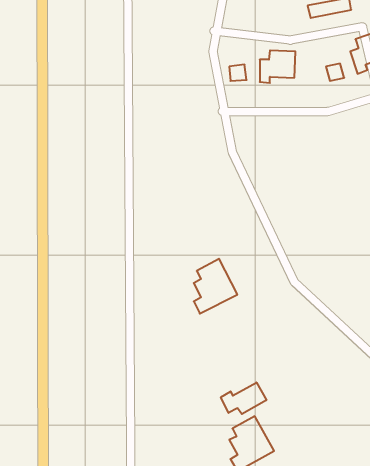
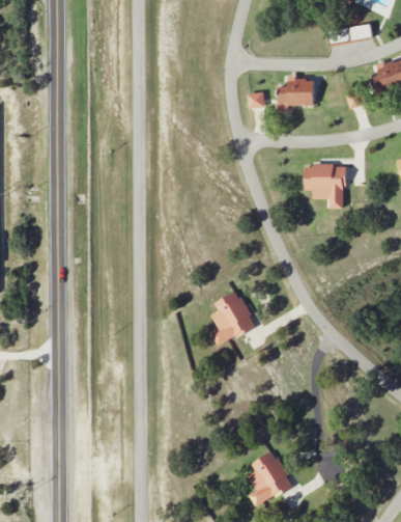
building: none -> [304,165,344,209]
building: [221,382,266,414] -> none

